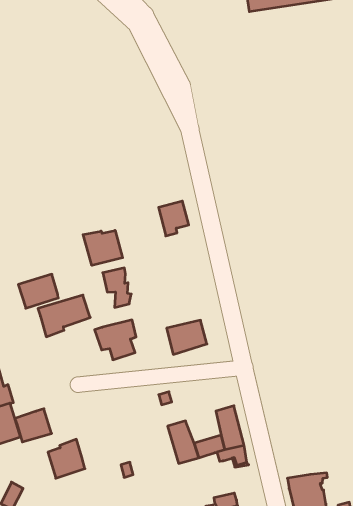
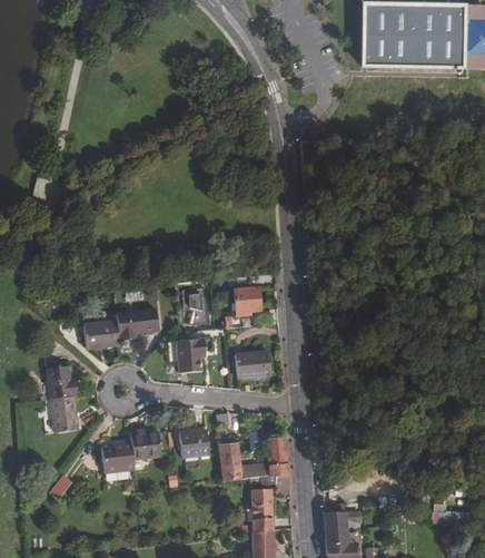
building: [159,201,189,236] -> [232,286,258,316]
building: [83,230,123,265] -> none
building: [18,274,58,308] -> [83,320,119,347]
building: [15,409,52,442] -> [130,431,162,459]
building: none -> [180,428,211,454]
building: none -> [250,489,271,518]

